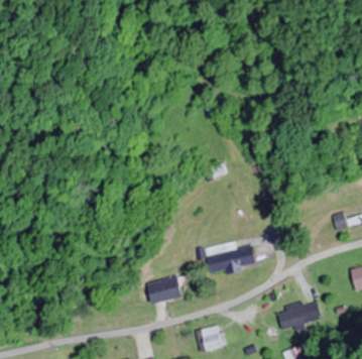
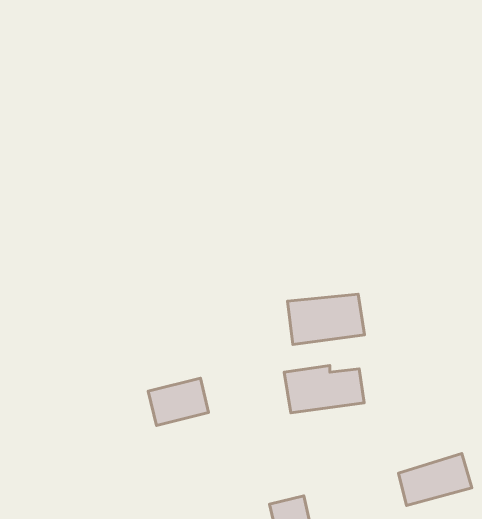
building: none -> [287,294,364,344]
building: [145,275,183,305] -> [148,378,209,426]

